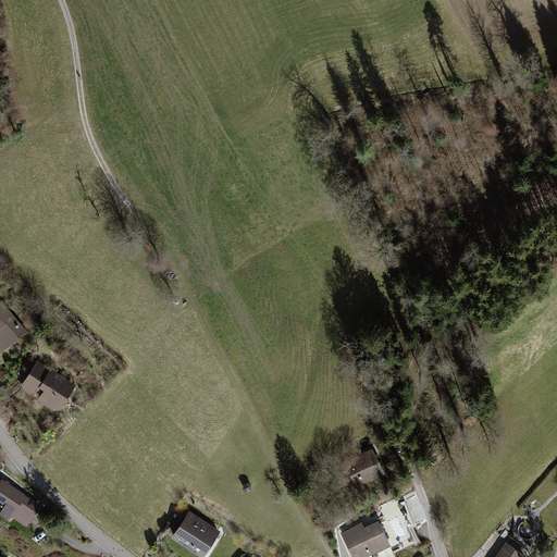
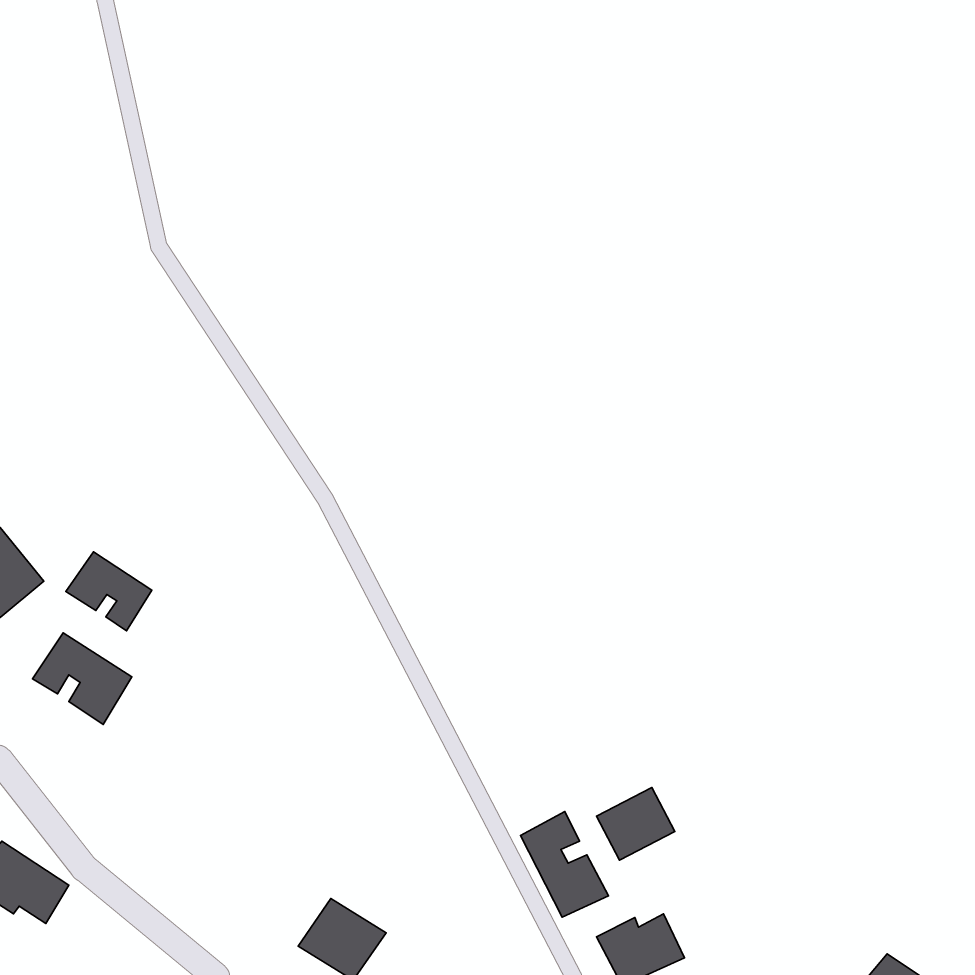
building: none -> [66,552,152,631]
building: none -> [521,812,608,917]

